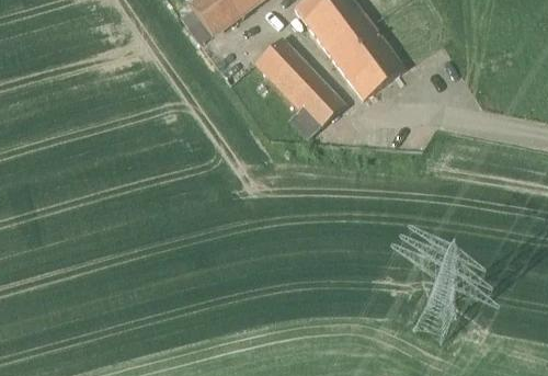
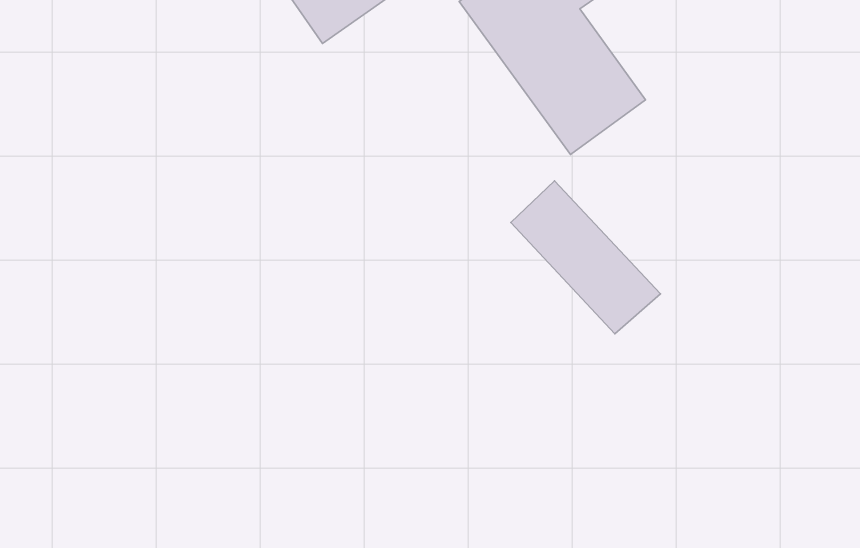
building: [254,37,344,129] -> [511,181,660,334]

